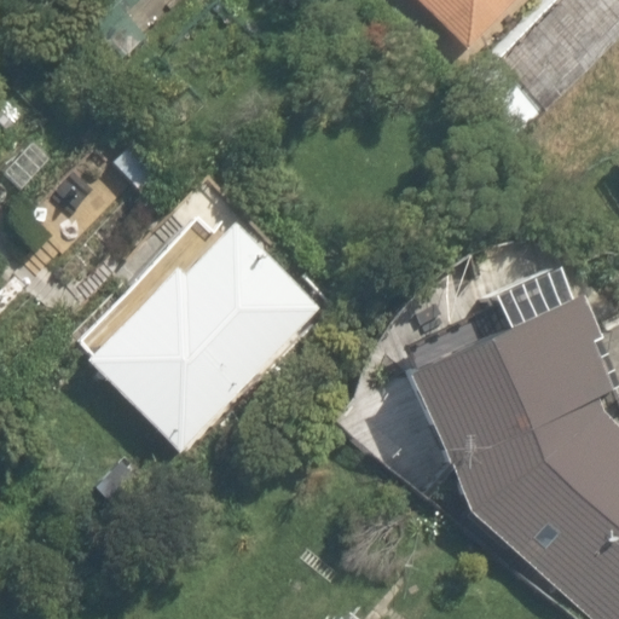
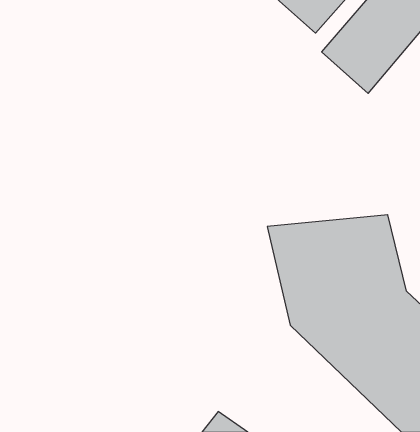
building: [79,216,312,450] -> none

